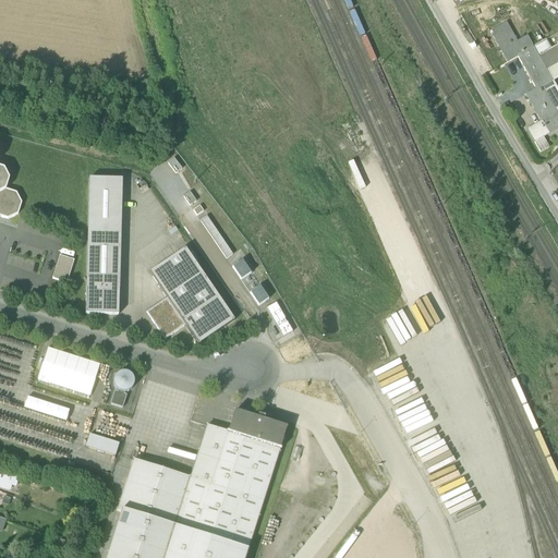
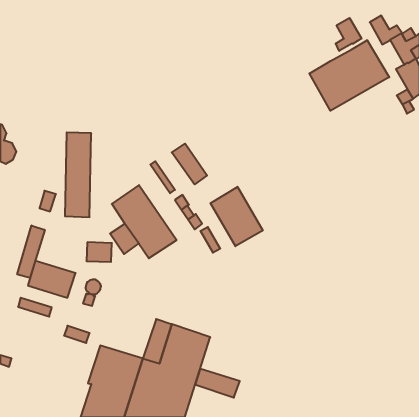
building: none -> [336,18,362,51]
building: none -> [309,40,389,111]
building: none -> [172,144,207,184]
building: none -> [210,187,263,246]
building: [86,287,120,313] -> [86,242,112,262]
building: none -> [17,225,45,278]
building: [229,409,288,447] -> [195,369,240,398]

